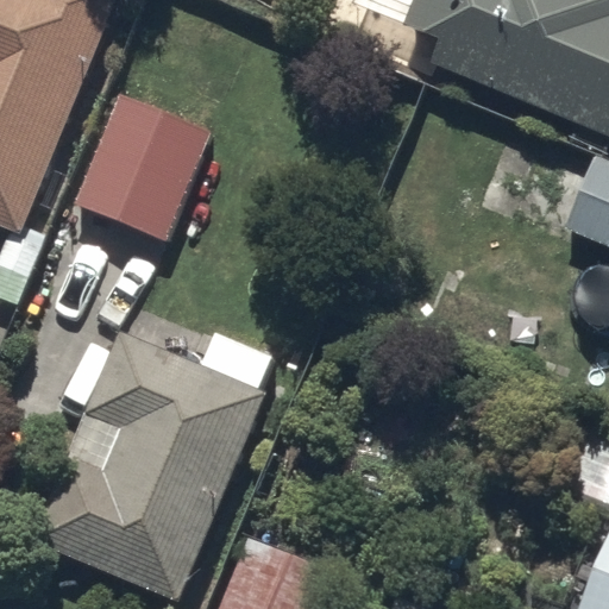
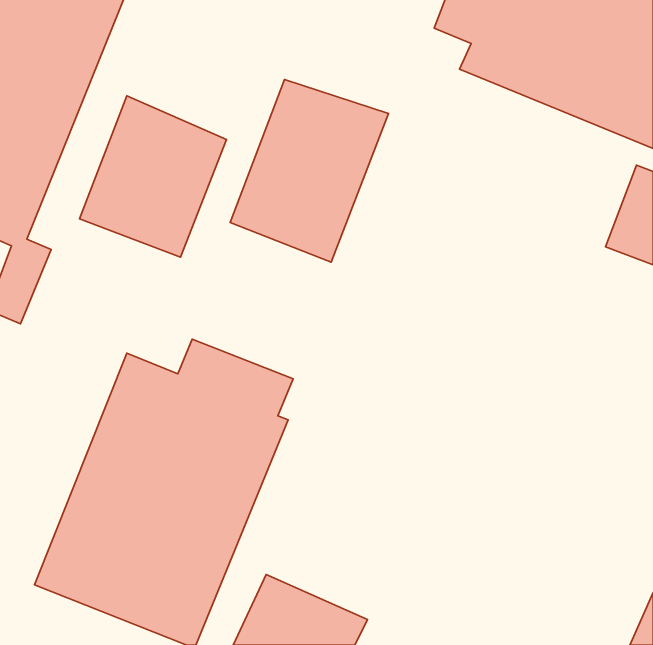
building: none -> [230,80,389,262]

